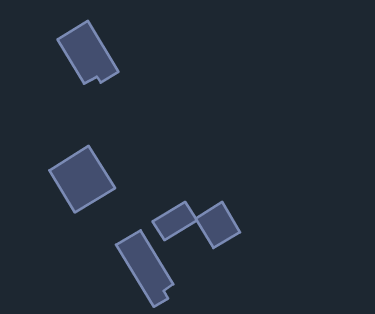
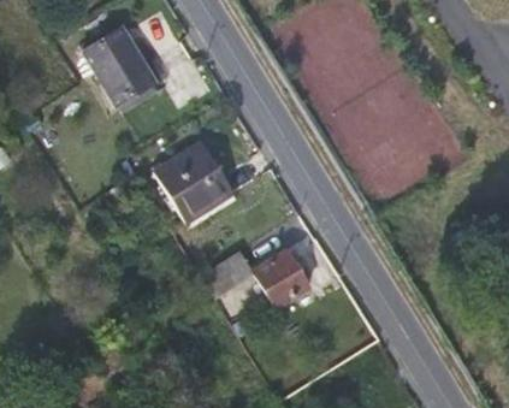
building: [49,146,115,212] -> [155,142,236,224]
building: [116,230,173,307] -> none

